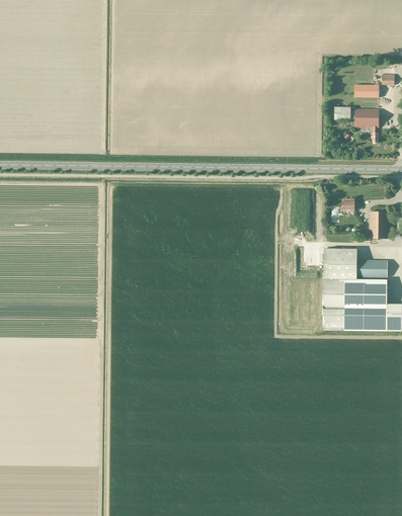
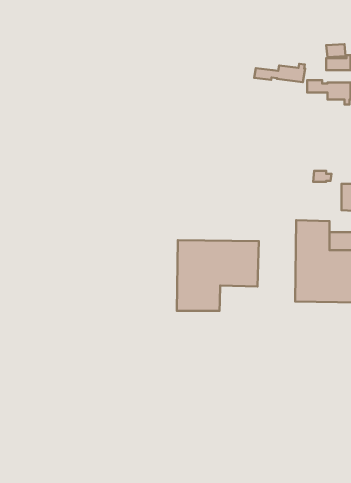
building: none -> [254,64,305,82]
building: none -> [177,240,259,311]

